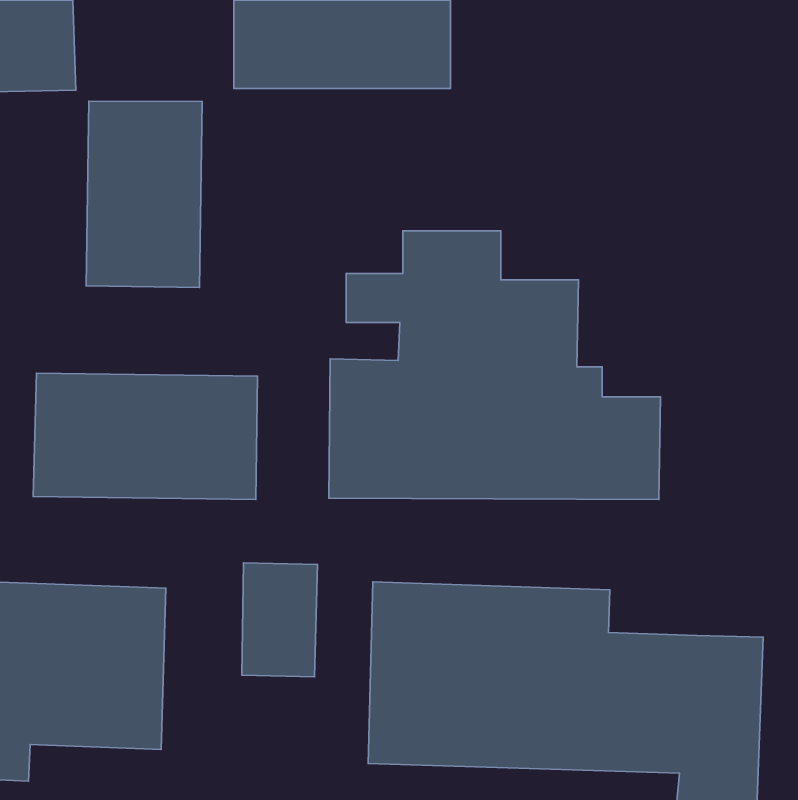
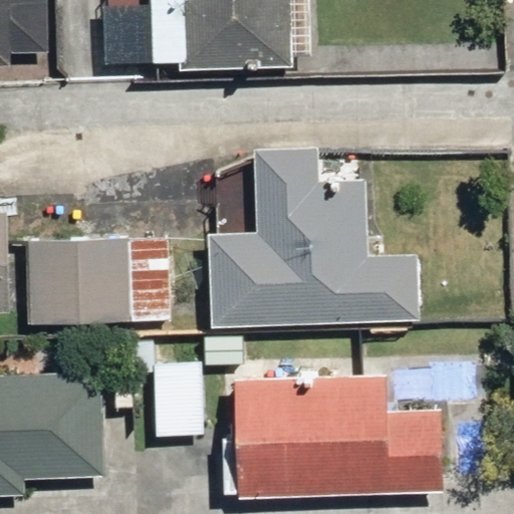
building: [86,101,202,287] -> none

